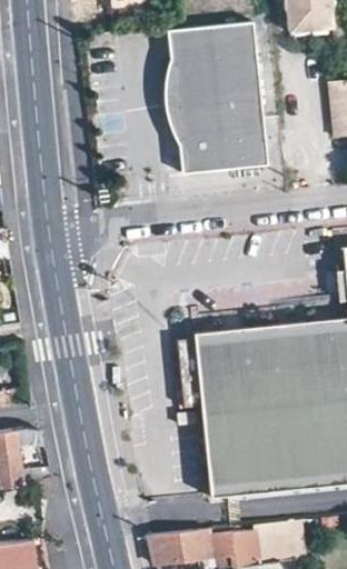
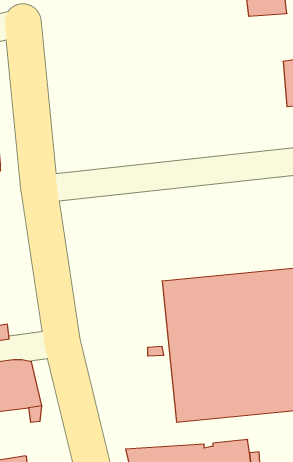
building: [163,20,267,172] -> none

